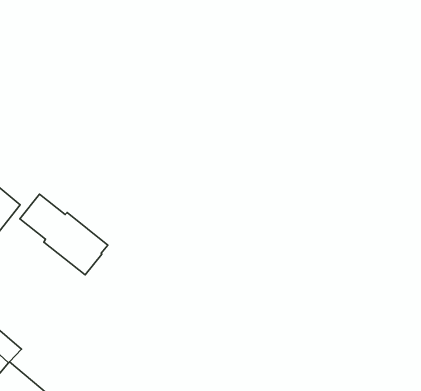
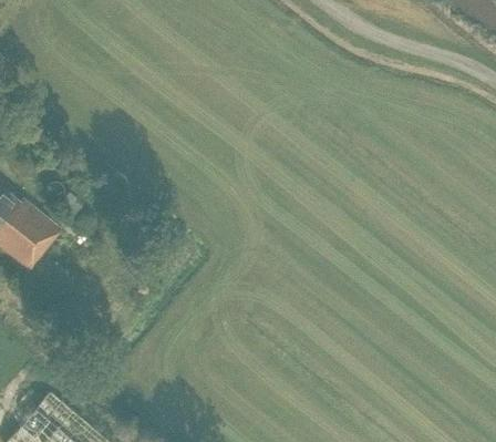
building: [20,194,108,275] -> none

